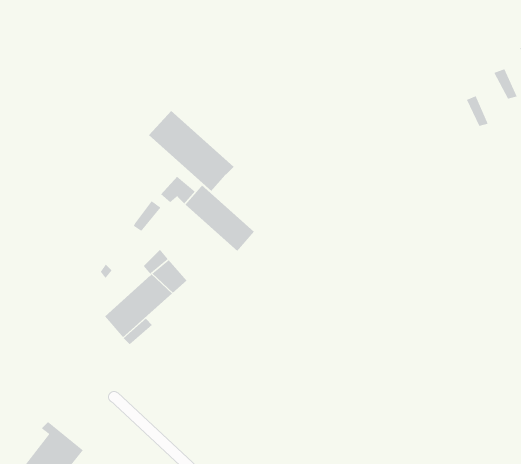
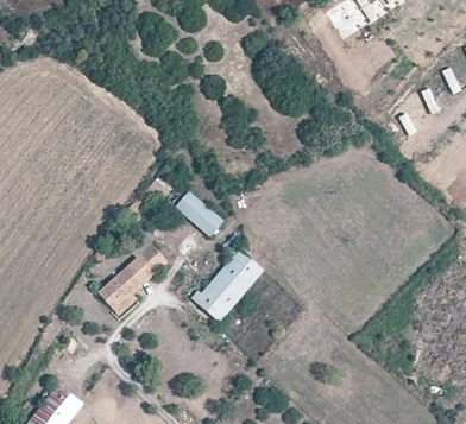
building: [148,110,234,192] -> none
building: none -> [190,248,262,321]

